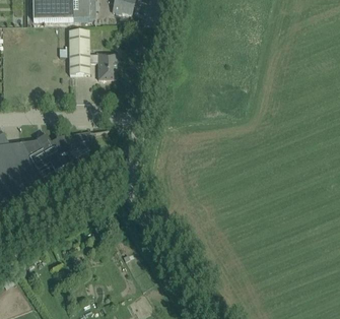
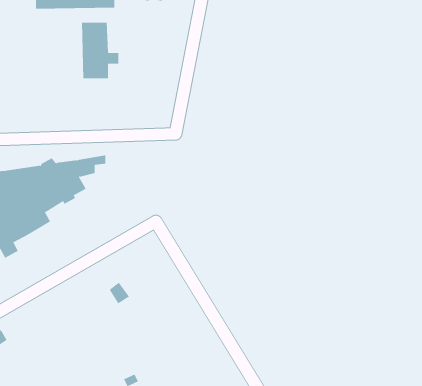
building: [97,52,117,78] -> none

